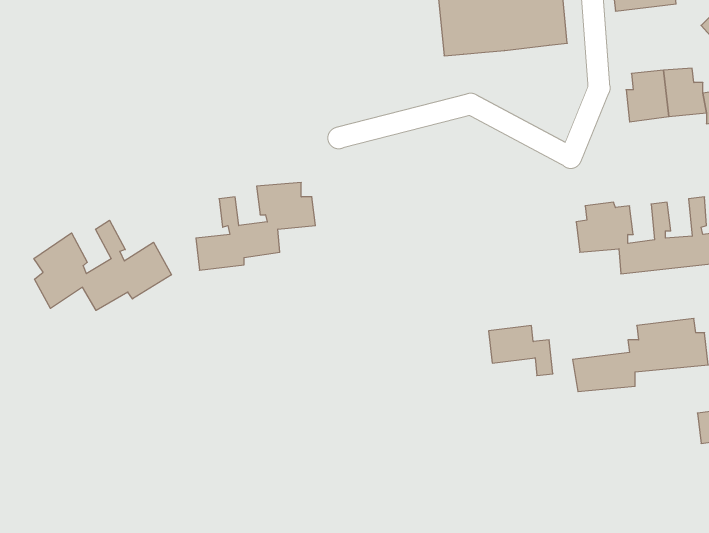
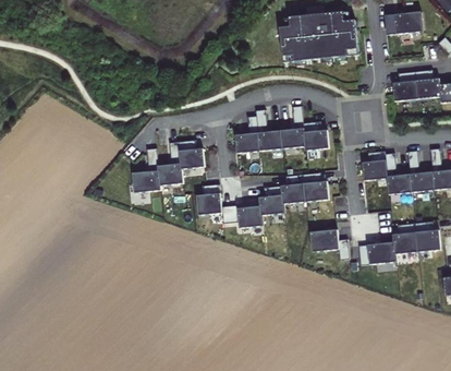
building: none -> [235,106,329,154]
building: [34,220,171,310] -> none
building: none -> [196,173,329,229]

